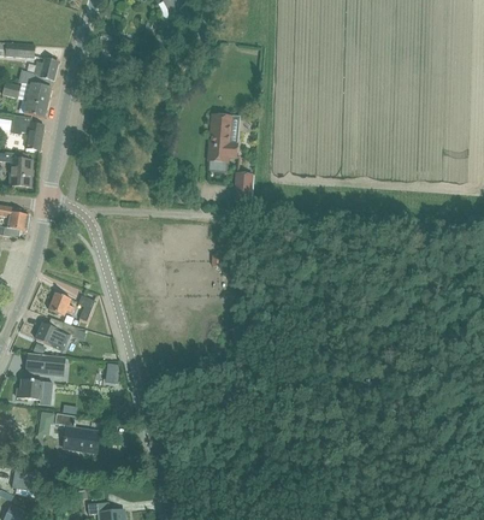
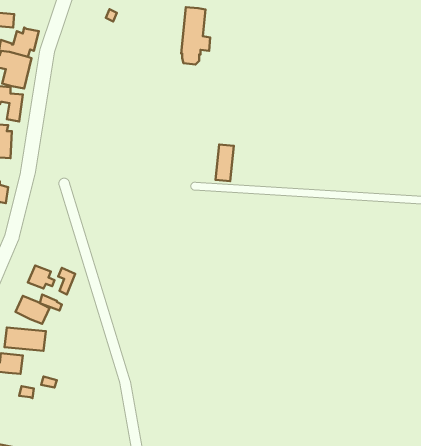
building: [207,114,236,171] -> [181,7,210,64]
building: [54,413,98,451] -> none

